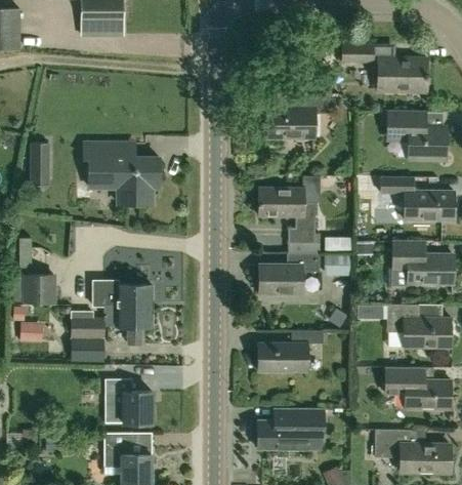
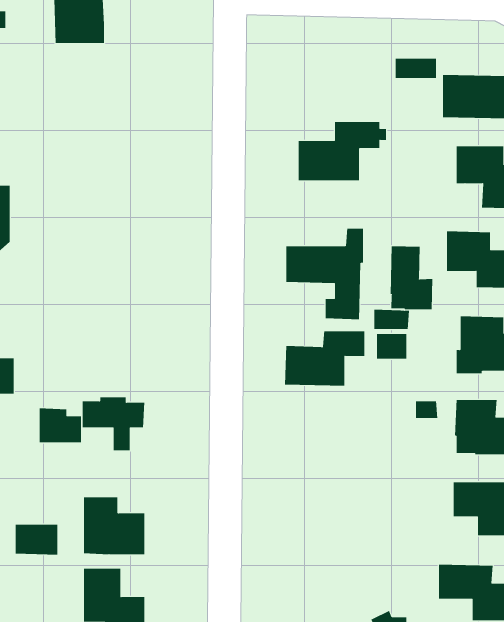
building: [83,143,159,203] -> none
building: none -> [390,246,433,310]
building: [92,280,152,307] -> none
building: [257,330,327,371] -> none
building: [71,337,103,361] -> [15,524,58,555]
building: [257,408,323,449] -> none

